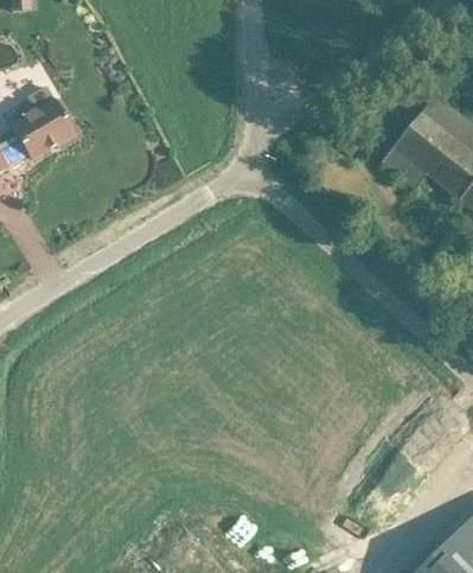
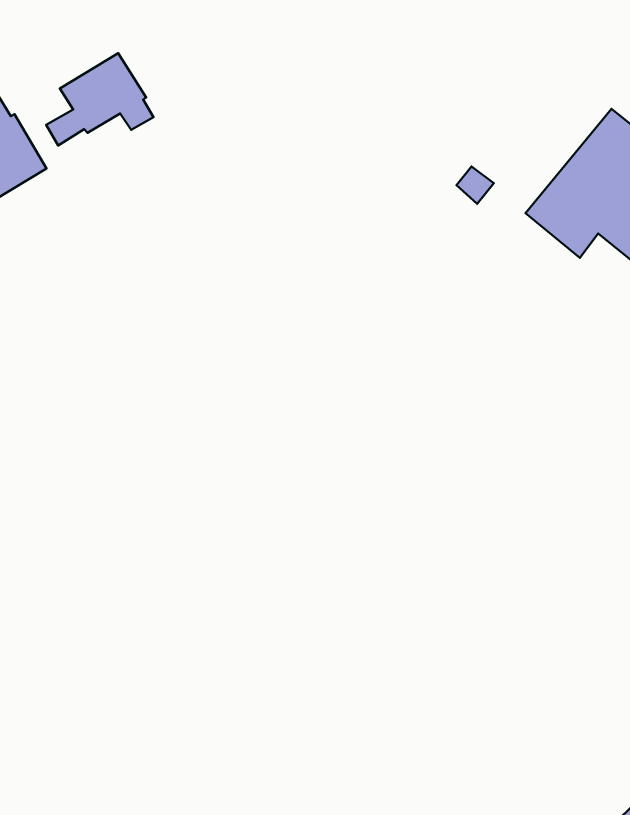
building: none -> [46,53,153,145]

